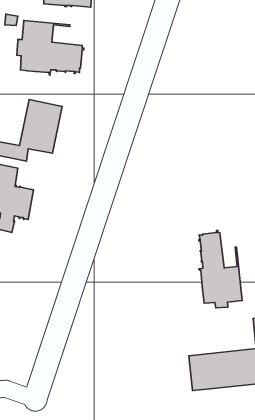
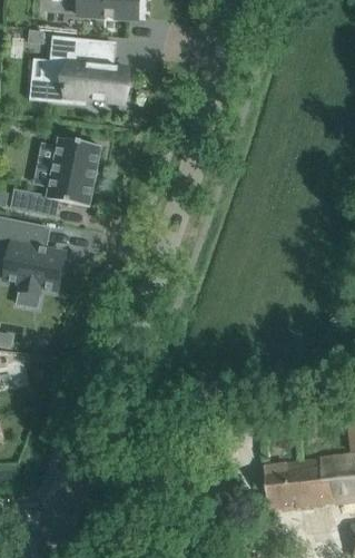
building: [199,231,242,308] -> none

